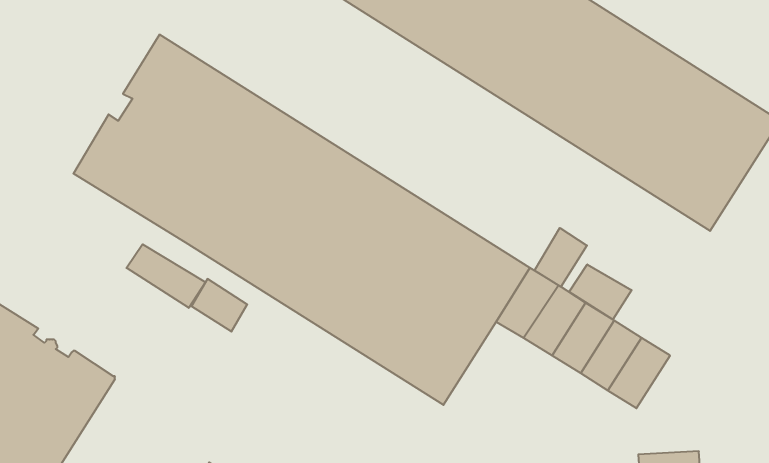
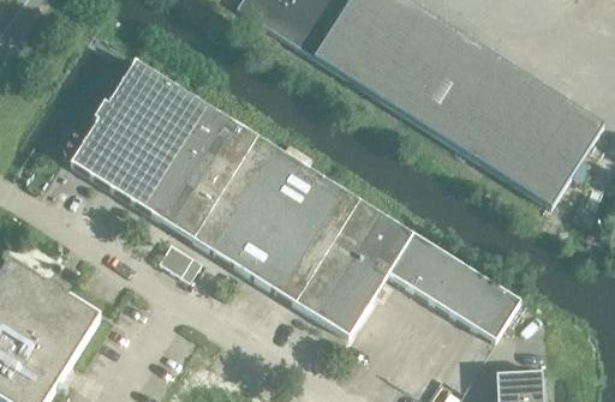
building: [534,228,587,287] -> none
building: [126,244,205,308] -> none
building: [569,264,632,319] -> none

